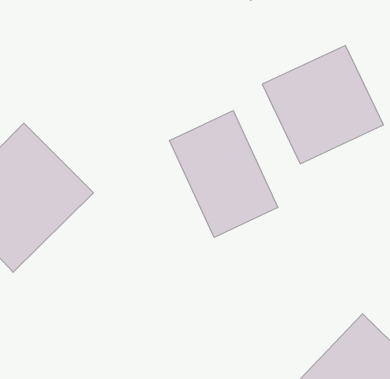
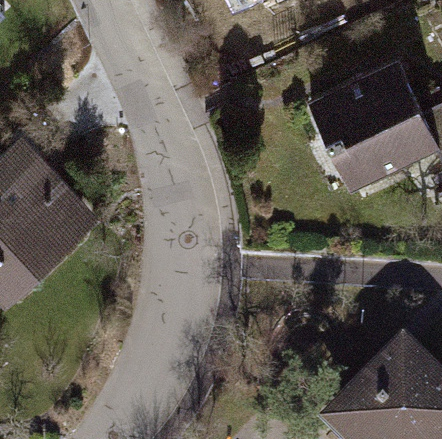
building: [169,111,278,237] -> none

